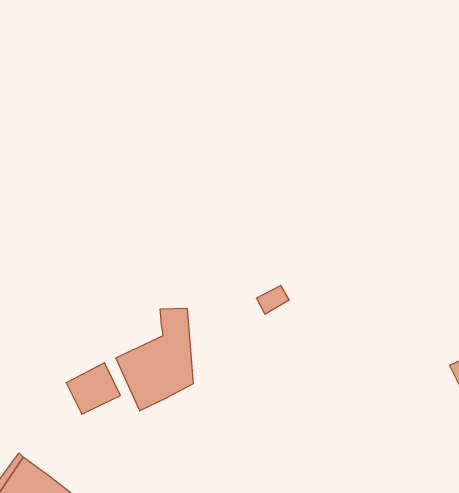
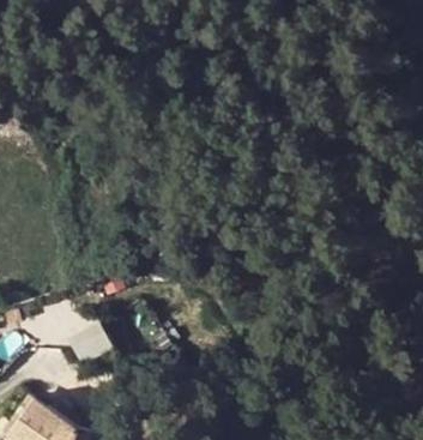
building: [116,308,193,411] -> none

